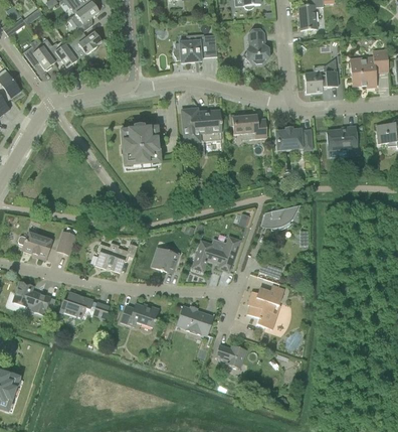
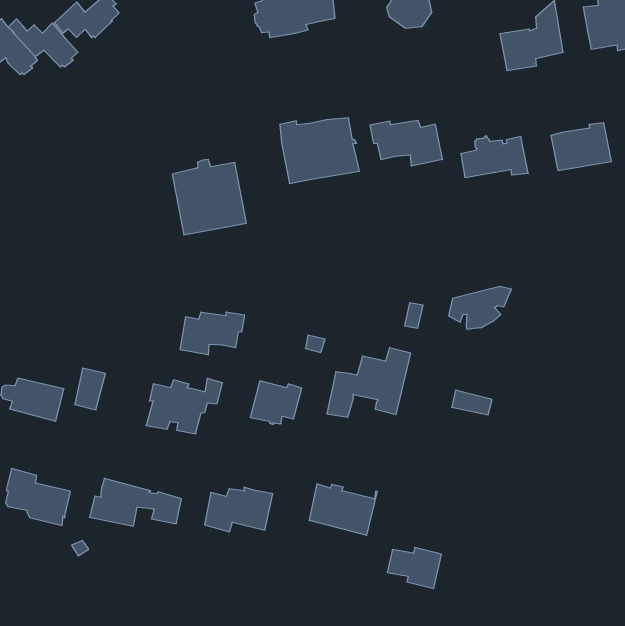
building: none -> [180,312,244,355]
building: [248,285,284,326] -> none

